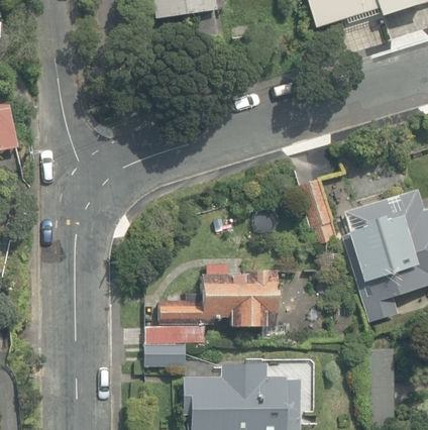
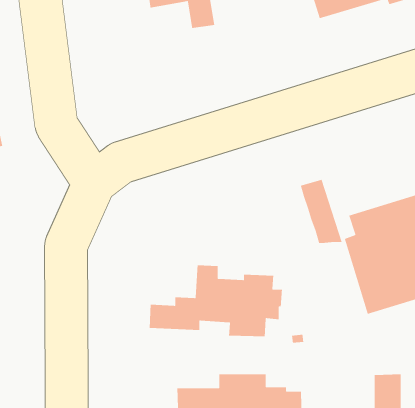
building: [145,324,207,365] -> none

